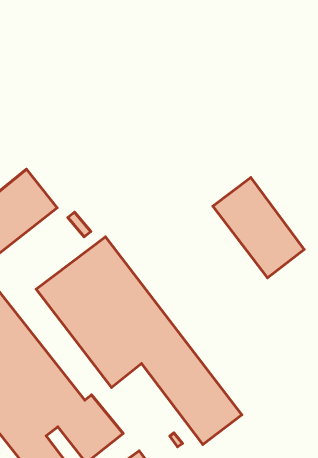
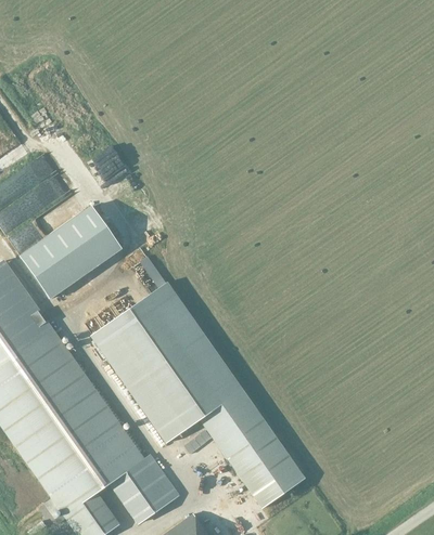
building: [213,177,304,278] -> none

